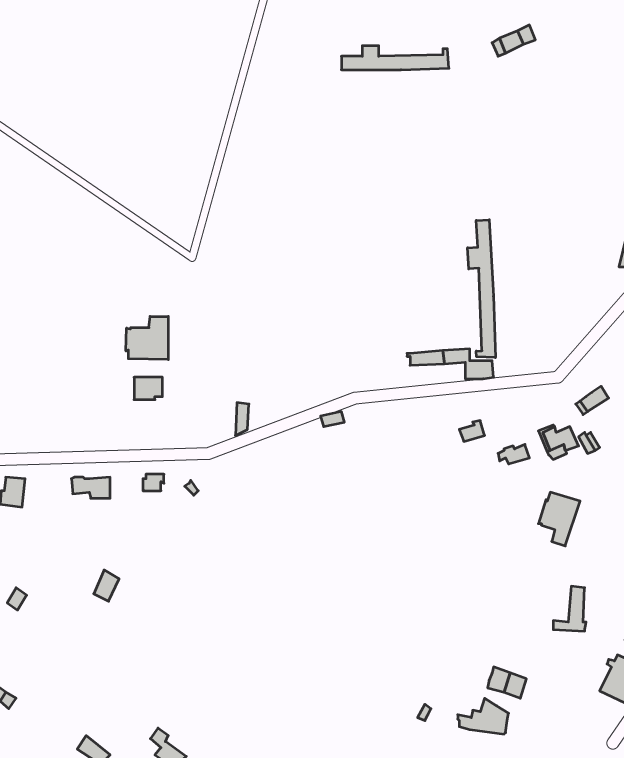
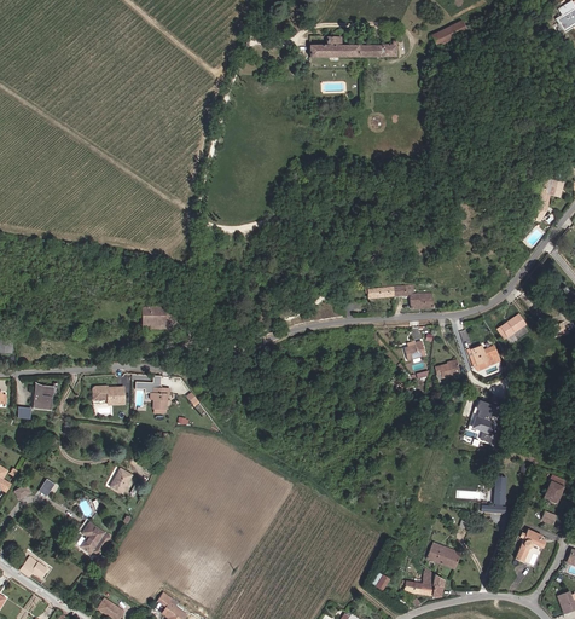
building: [468,220,495,358] -> none
building: [126,316,168,360] -> none
building: none -> [79,521,109,553]

